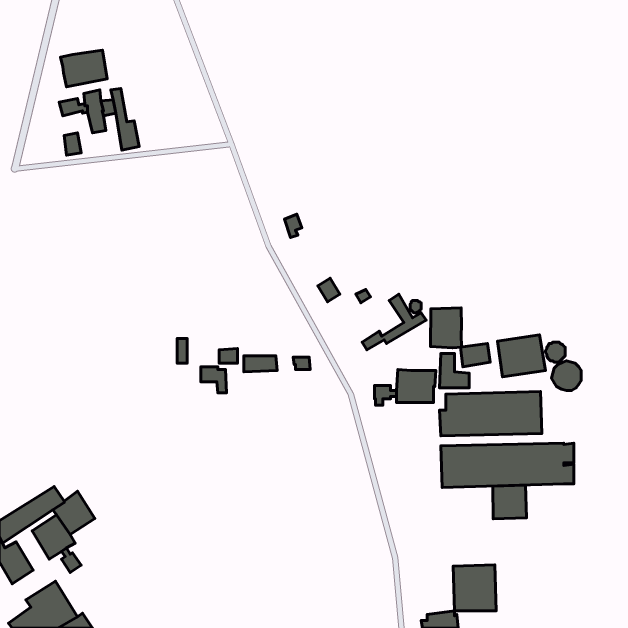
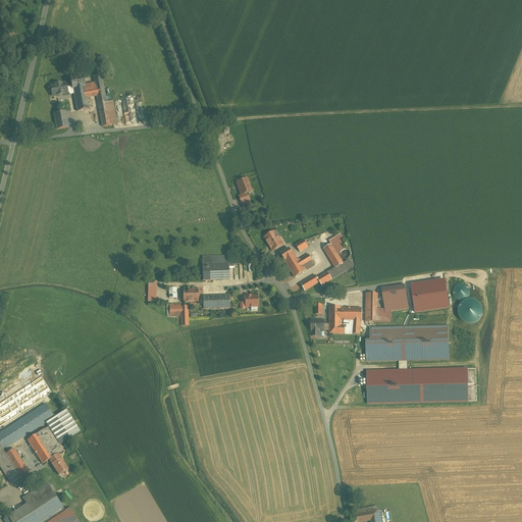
building: [61,50,107,87] -> none
building: none -> [279,248,319,277]
building: none -> [201,255,228,279]
building: [431,308,462,348] -> none
building: [493,485,526,519] -> none
building: [453,565,496,611] -> none

